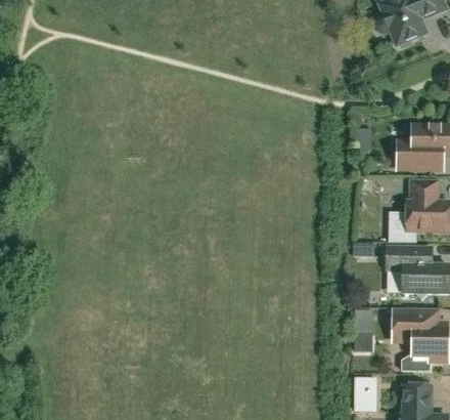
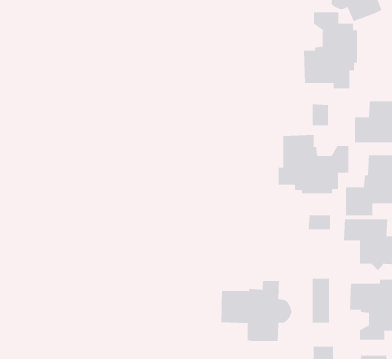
building: none -> [304,12,358,89]
building: none -> [278,134,349,194]
building: none -> [221,280,292,342]

